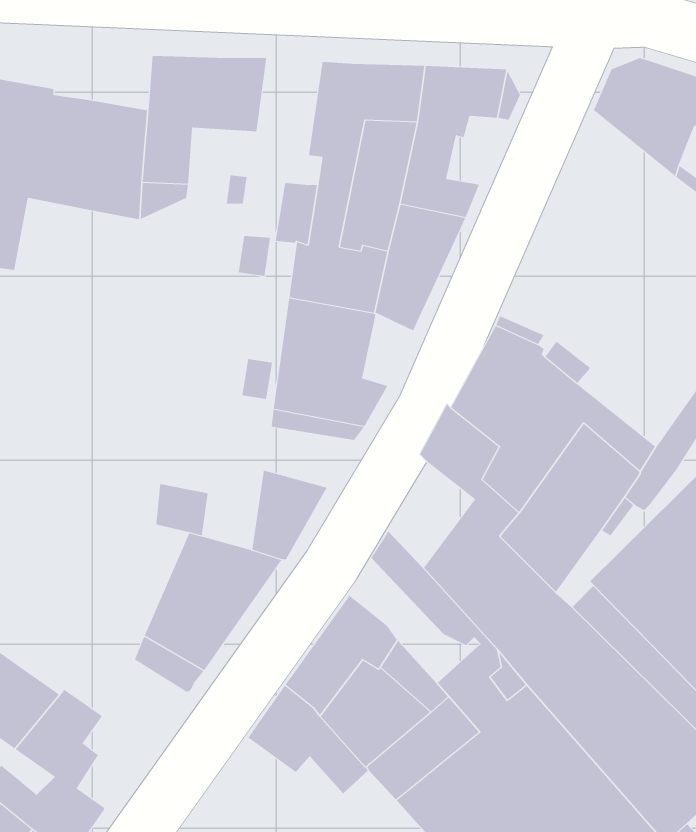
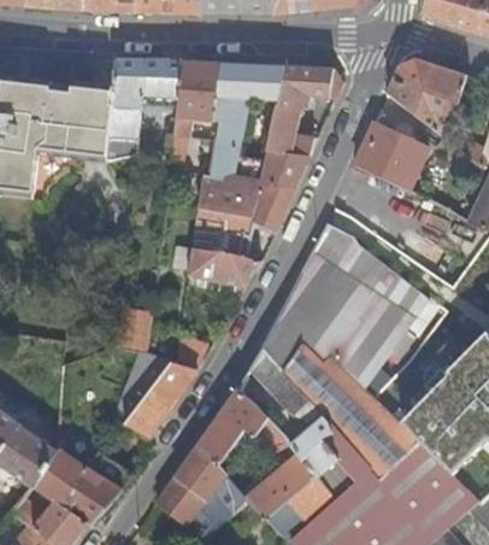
building: none -> [177,60,220,135]
building: none -> [354,123,428,193]
building: none -> [261,309,314,374]
building: none -> [70,465,122,526]
building: none -> [157,479,205,525]

